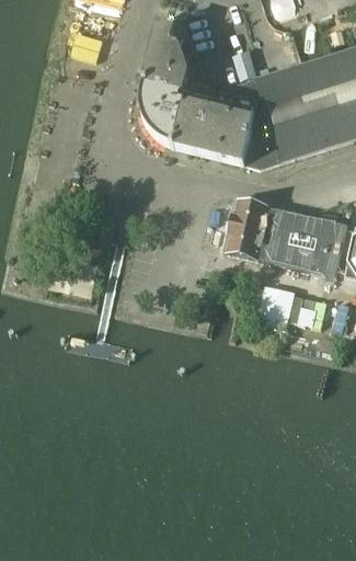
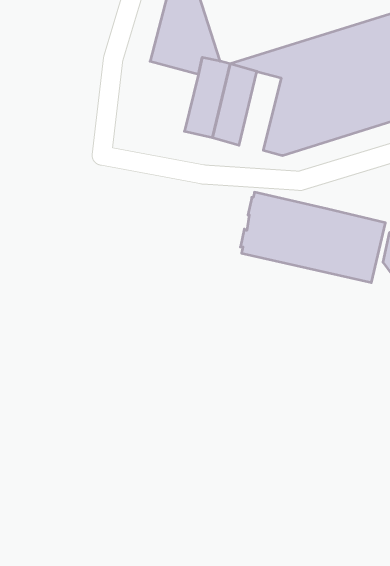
building: [145,87,190,147] -> none
building: [225,95,261,163] -> none

